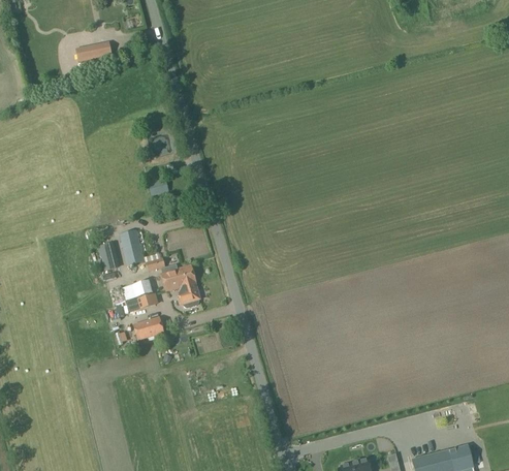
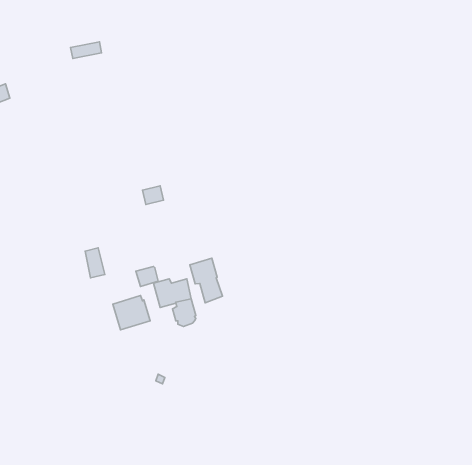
building: [119,229,144,265] -> none
building: none -> [190,258,223,303]
building: [132,317,162,339] -> none

